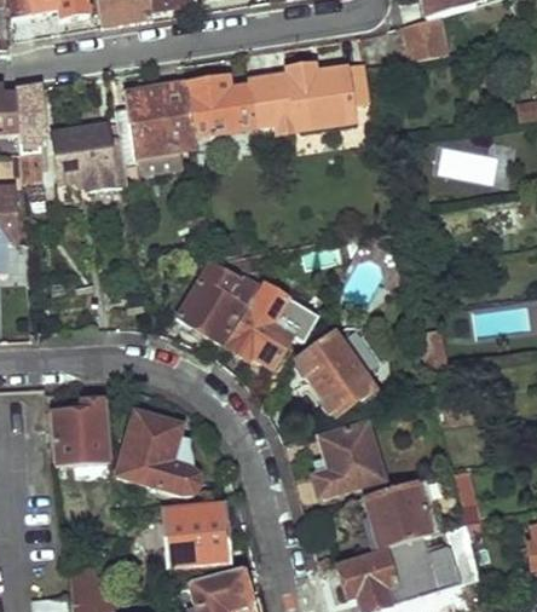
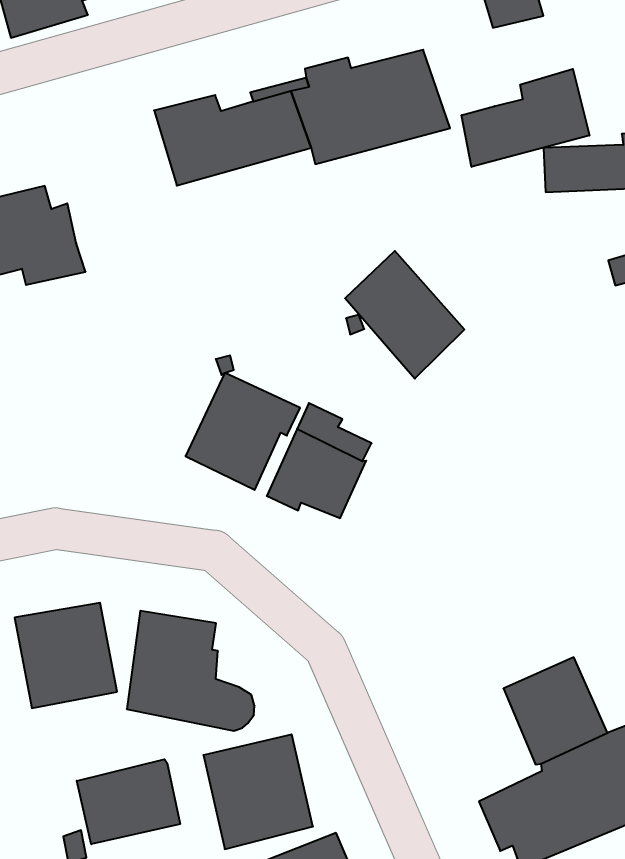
building: [116,85,197,164] -> none
building: none -> [462,69,589,167]
building: [298,327,373,411] -> [345,251,464,379]
building: [319,422,383,495] -> none
building: none -> [77,759,180,844]

